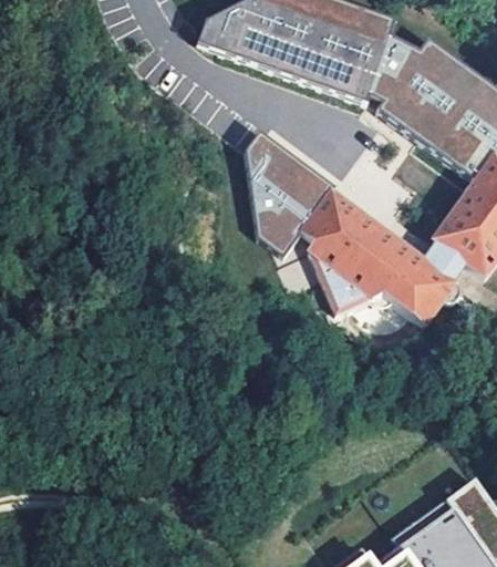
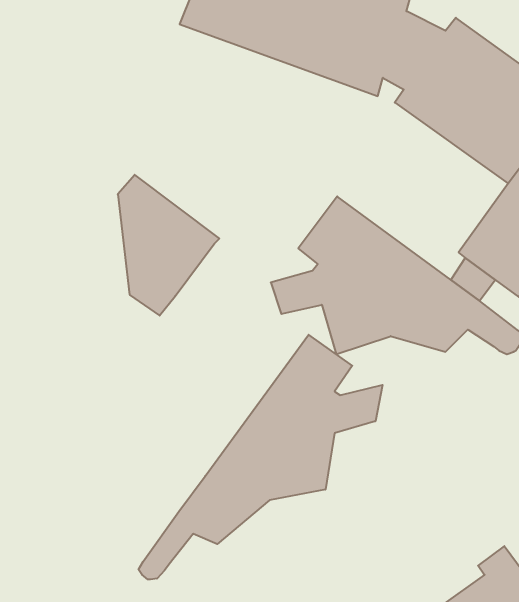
building: [249,131,335,250] -> [118,175,219,316]
building: none -> [139,335,383,579]

